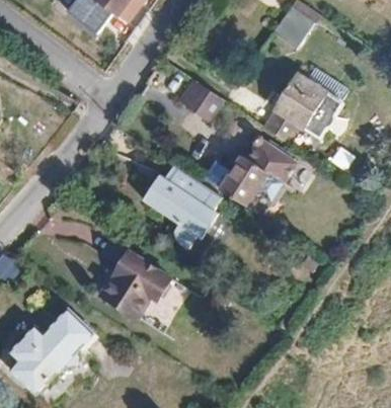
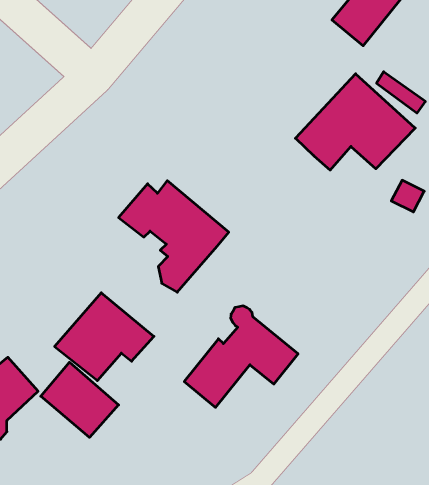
building: [172,78,221,125] -> none
building: [218,133,299,210] -> [184,306,298,407]
building: none -> [41,362,119,437]

